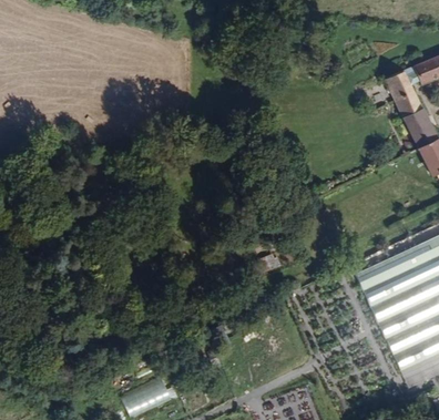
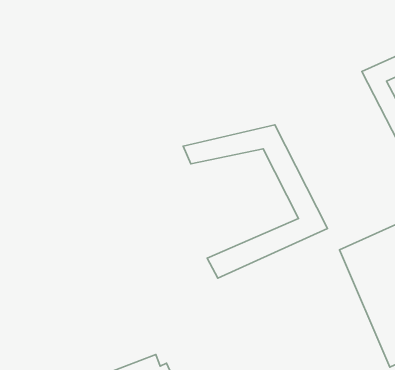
building: none -> [183,125,328,278]

